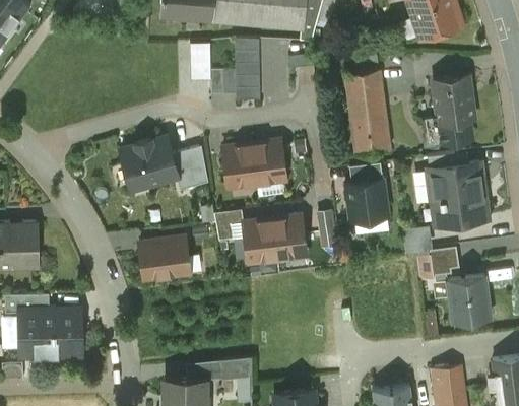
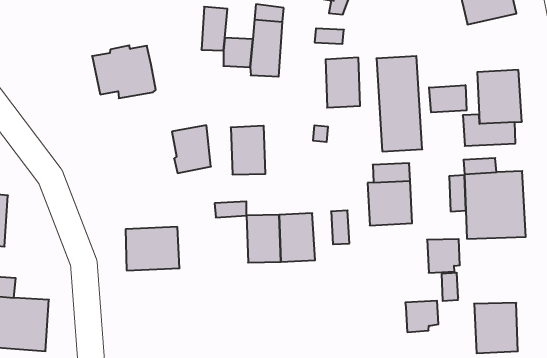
building: none -> [429,85,467,112]
building: [120,138,178,186] -> [92,45,156,98]
building: [251,138,284,184] -> [326,58,360,108]
building: [429,247,459,276] -> [405,301,438,332]

